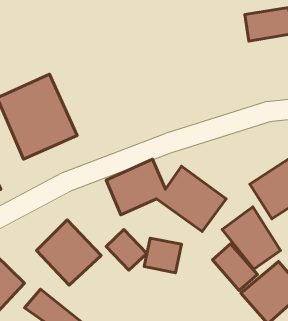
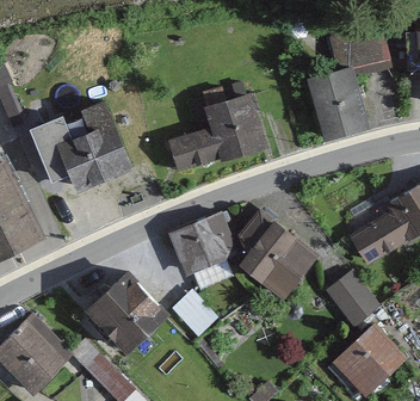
building: none -> [301,68,365,142]
building: none -> [167,91,267,173]
building: [144,238,181,273] -> none
building: [212,244,257,291] -> none

